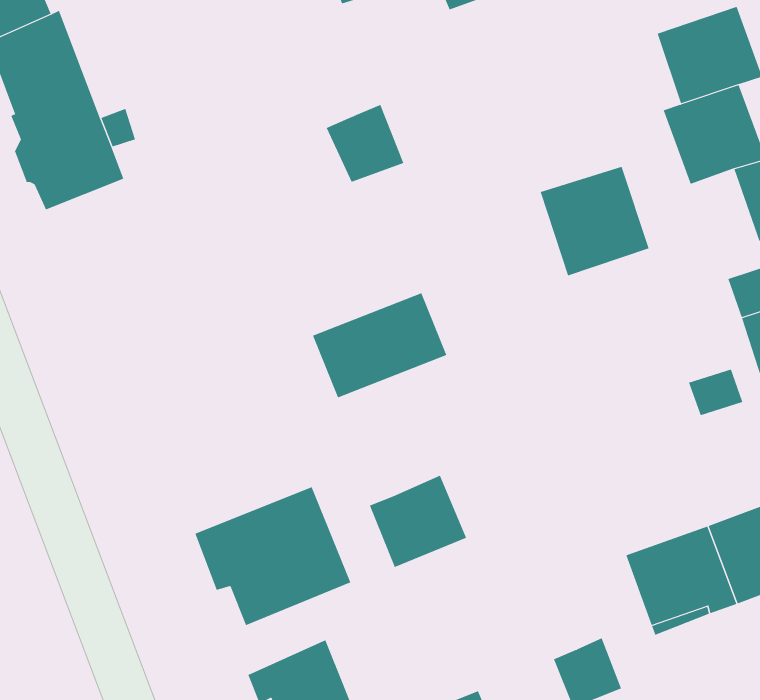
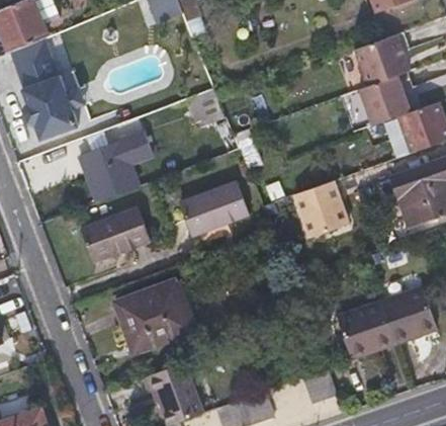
building: [540,166,650,276] -> [292,180,349,237]
building: none -> [80,132,151,202]
building: none -> [80,207,151,263]
building: [369,475,467,568] -> none

